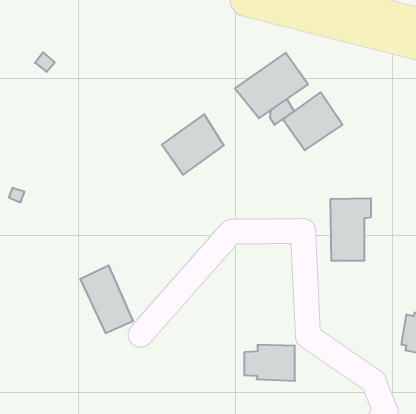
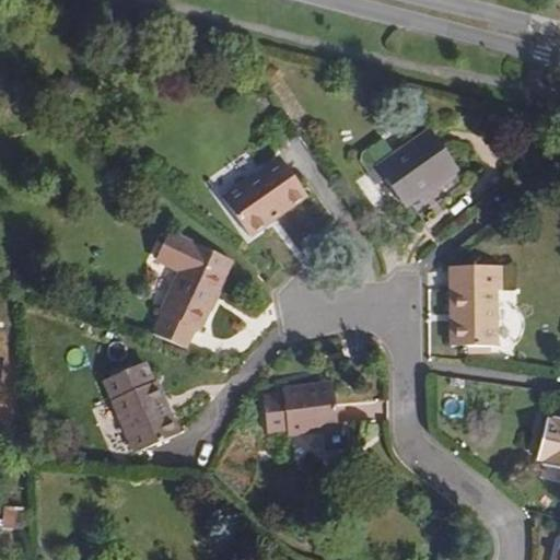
building: [235,53,308,118] -> none
building: none -> [152,222,237,341]
building: [244,345,295,381] -> [270,396,338,444]

